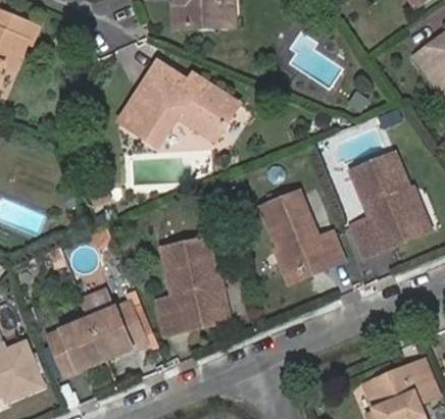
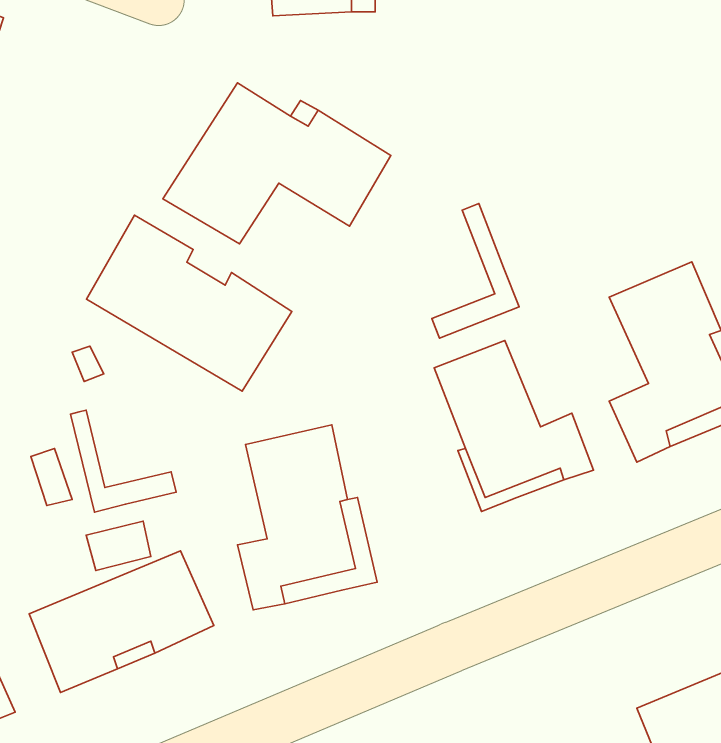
building: none -> [432,203,519,338]
building: none -> [86,215,292,391]
building: none -> [71,410,176,512]

